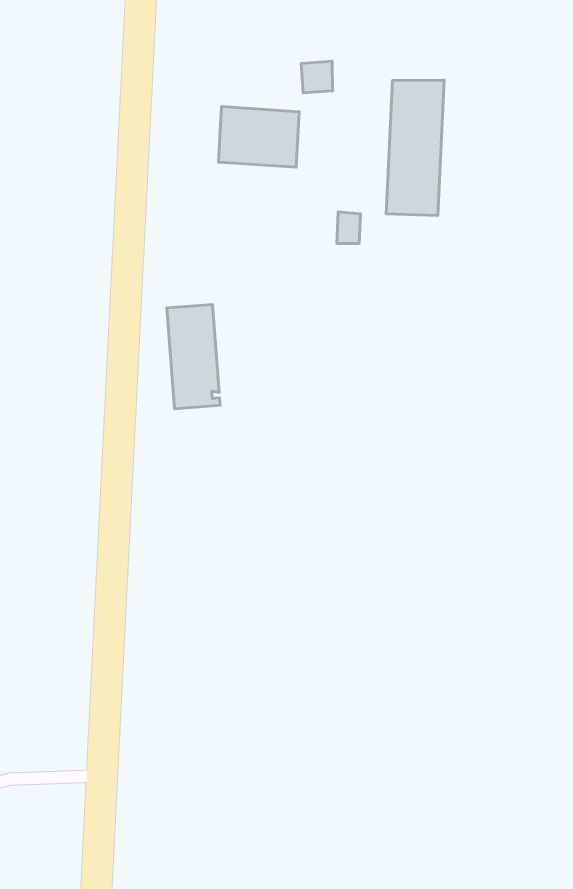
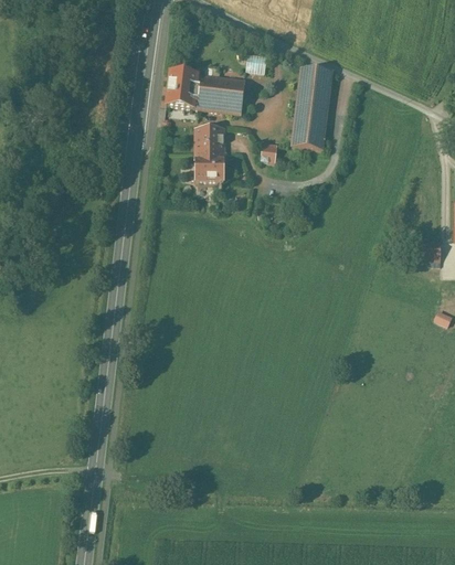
building: none -> [167,72,198,107]
building: [167,304,220,409] -> [195,127,223,188]

